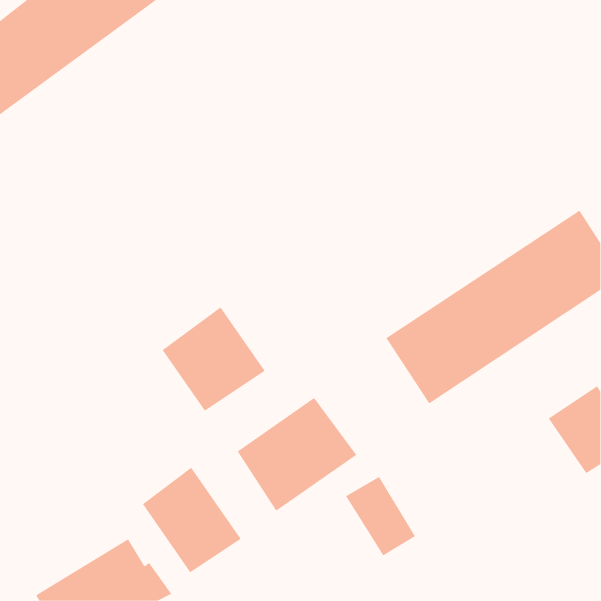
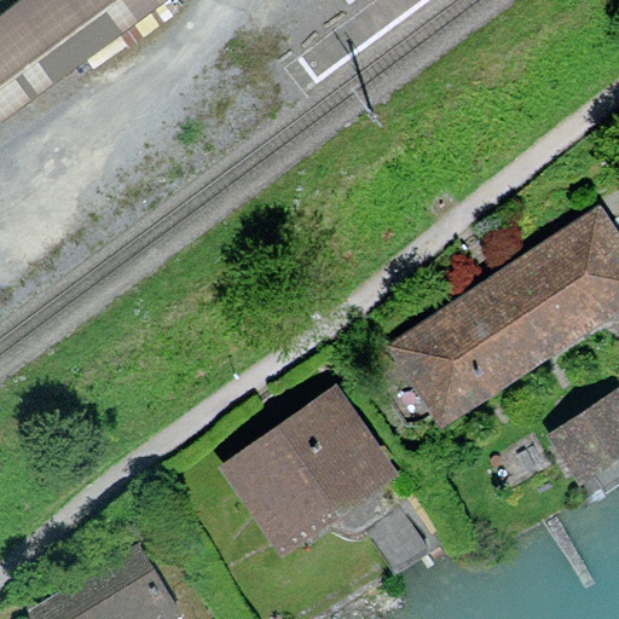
building: [162,307,265,412] -> none
building: [142,467,242,573] -> none

